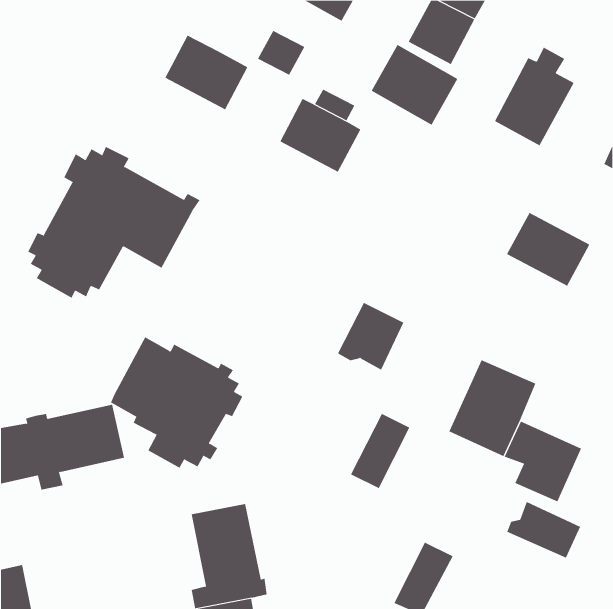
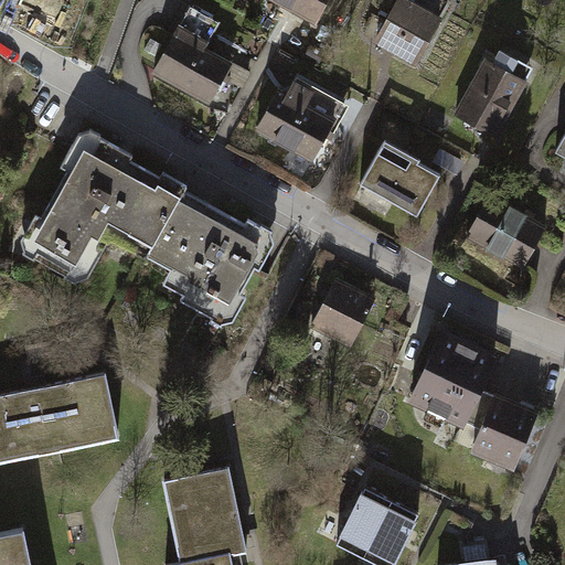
building: [257,30,305,76] -> [172,9,216,51]
building: [371,44,458,126] -> [359,145,439,220]
building: [110,337,243,468] -> [146,198,268,319]
building: [350,413,410,489] -> [335,489,391,558]
building: [507,501,581,559] -> none

